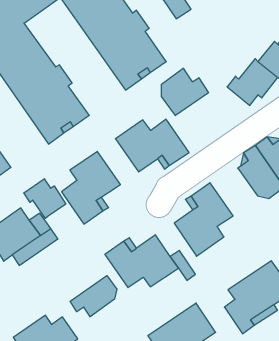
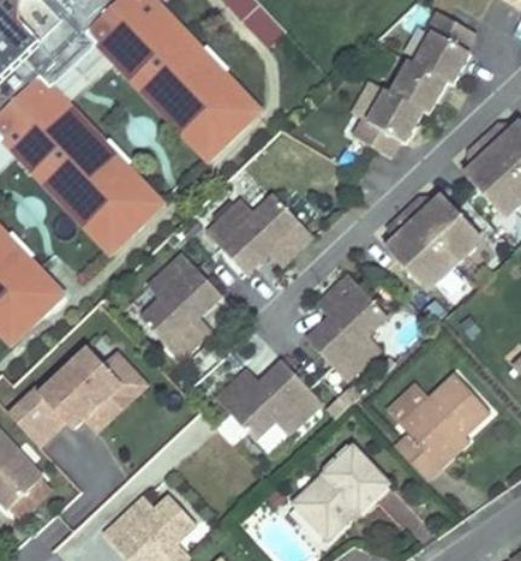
building: [161,68,208,116] -> none
building: [24,179,66,218] -> none
building: [70,276,117,317] -> none

